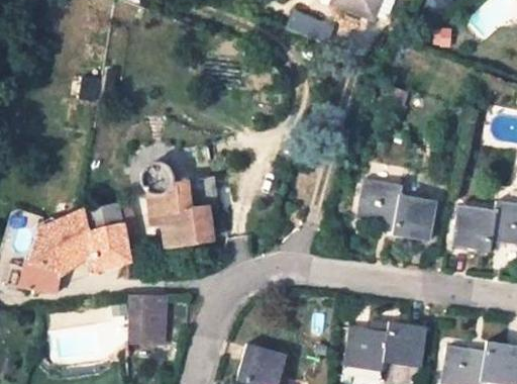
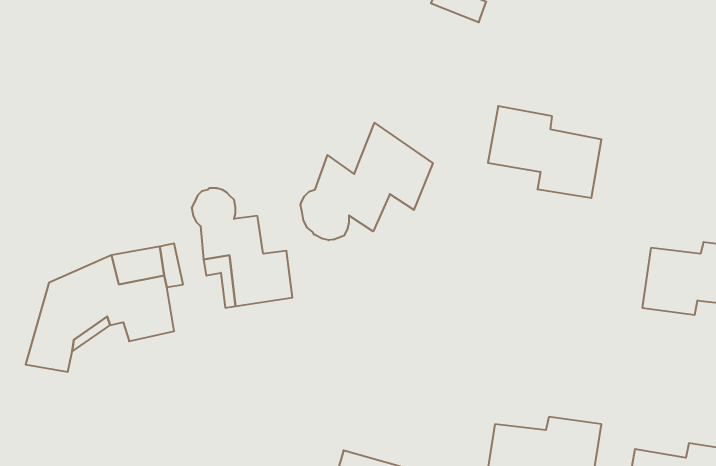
building: none -> [301,123,433,240]
building: [357,177,436,241] -> [488,106,602,198]
building: [129,294,167,342] -> none

